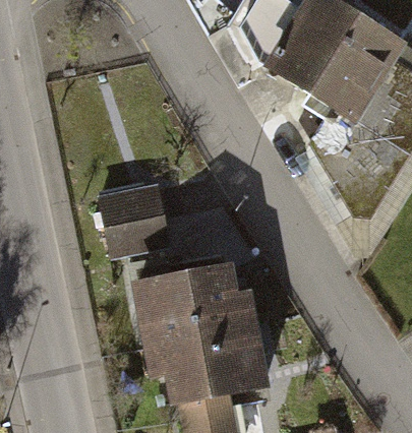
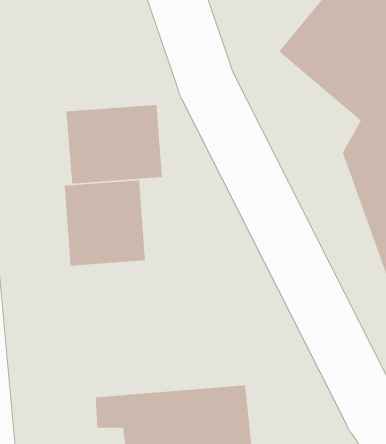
building: none -> [66,104,163,185]
building: [128,255,260,349] -> none

